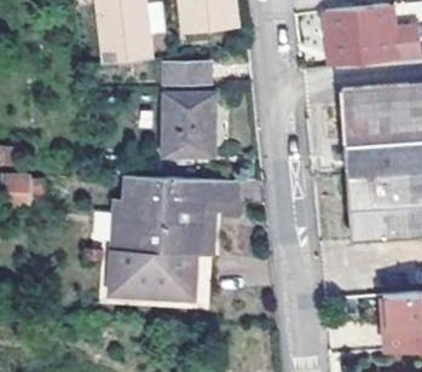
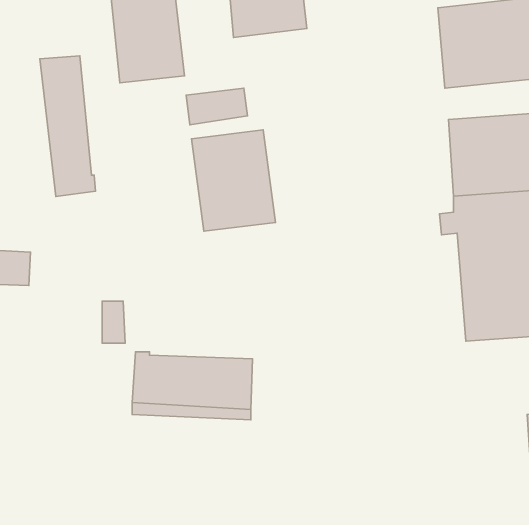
building: none -> [40,56,95,196]
building: [116,174,239,255] -> none

